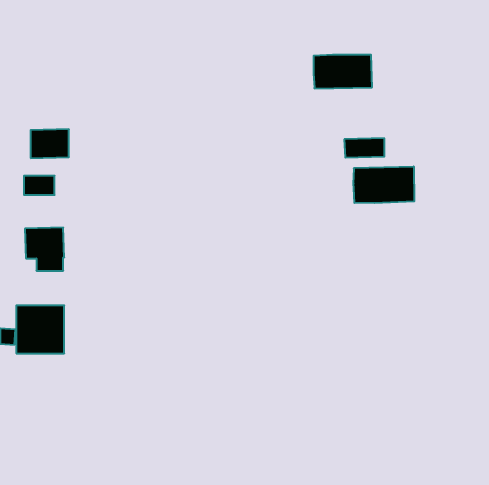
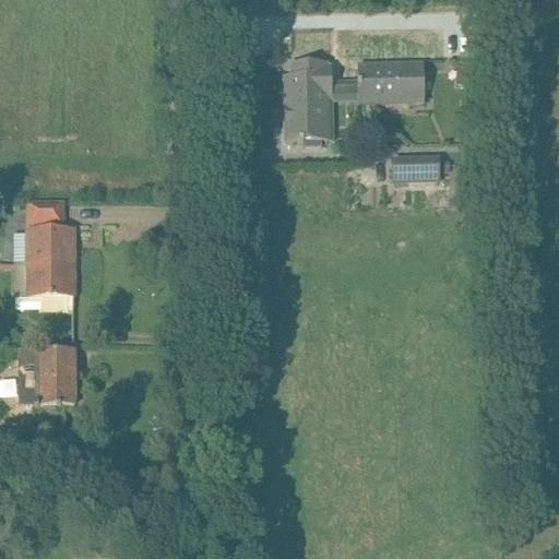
building: none -> [285,60,358,144]
building: [31,129,69,158] -> [29,227,73,260]
building: [354,166,414,203] -> none

